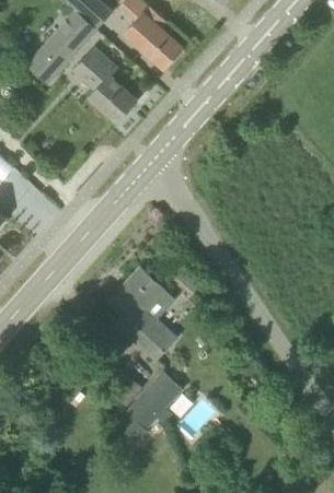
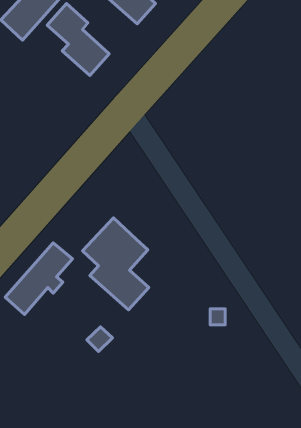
building: [113,371,182,444] -> [5,243,73,314]

